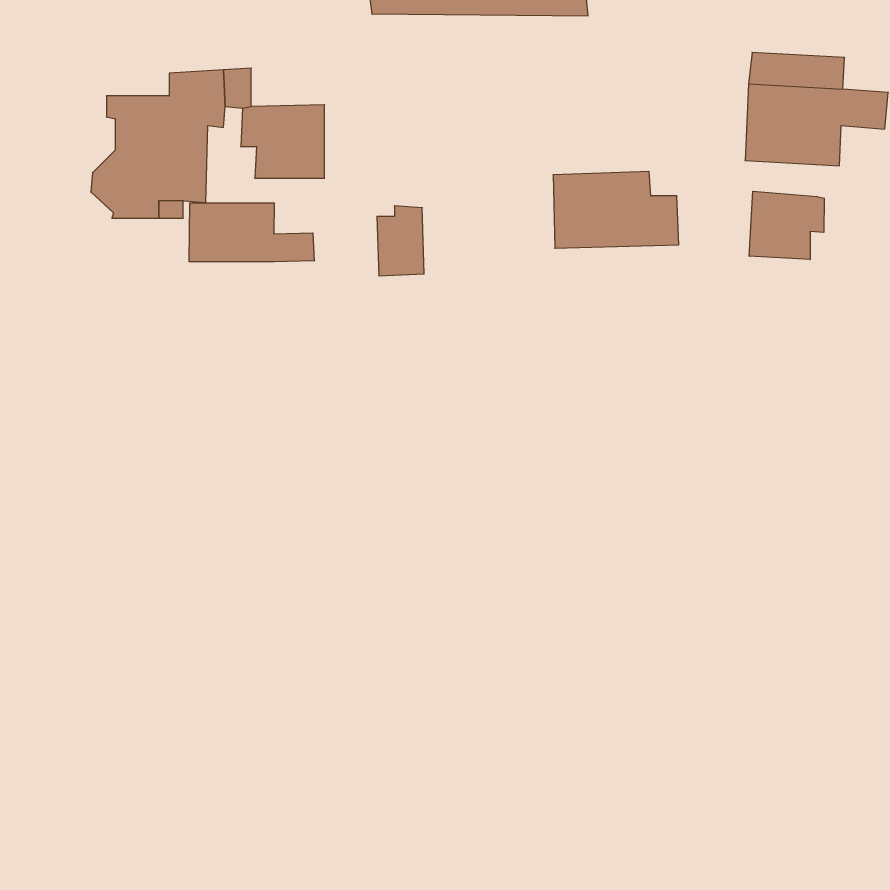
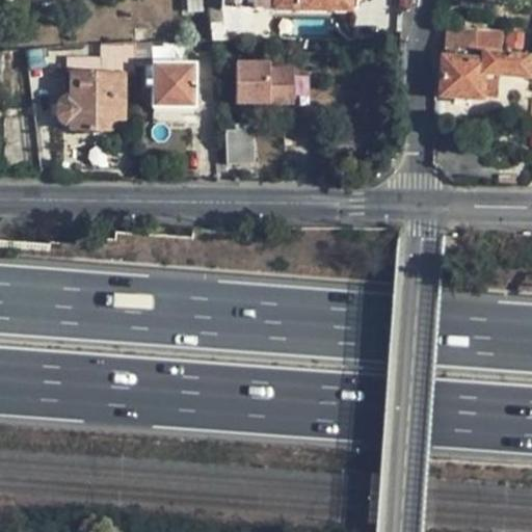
building: [553,171,679,248] -> [236,58,311,104]
building: [749,191,824,260] -> none
building: [189,203,314,262] -> none

